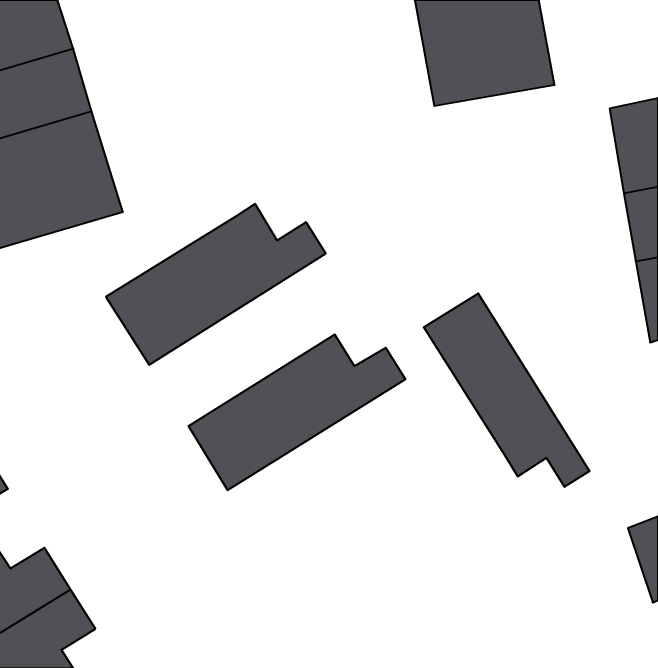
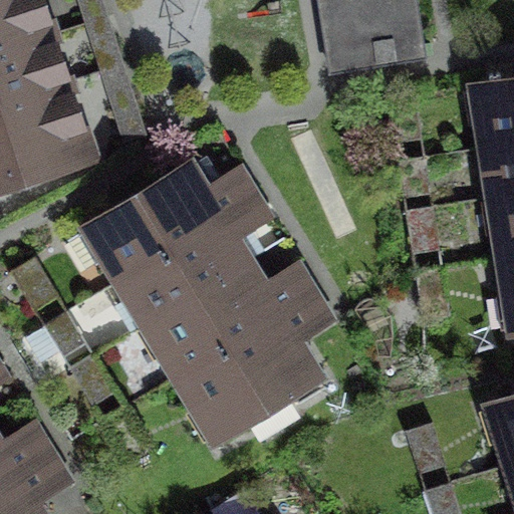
building: none -> [114,195,267,327]
building: [424,293,589,487] -> none
building: none -> [175,291,332,448]

